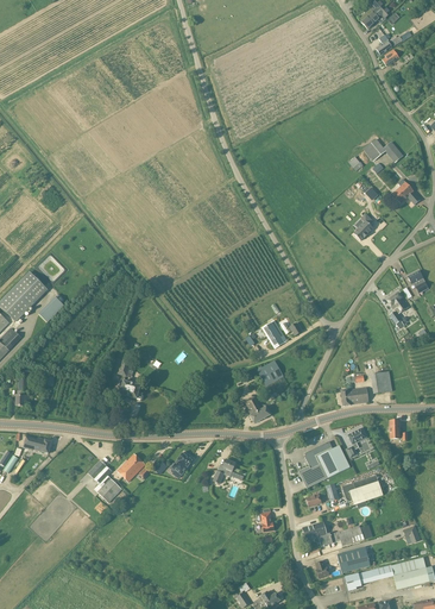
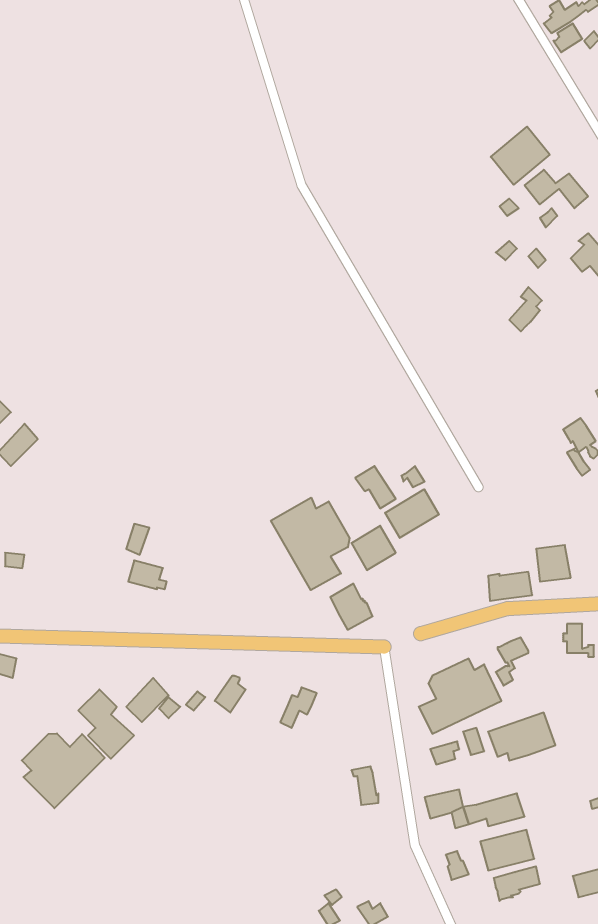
building: none -> [491,127,550,185]
building: none -> [385,489,439,538]
building: none -> [271,498,350,590]
building: none -> [22,733,105,808]

